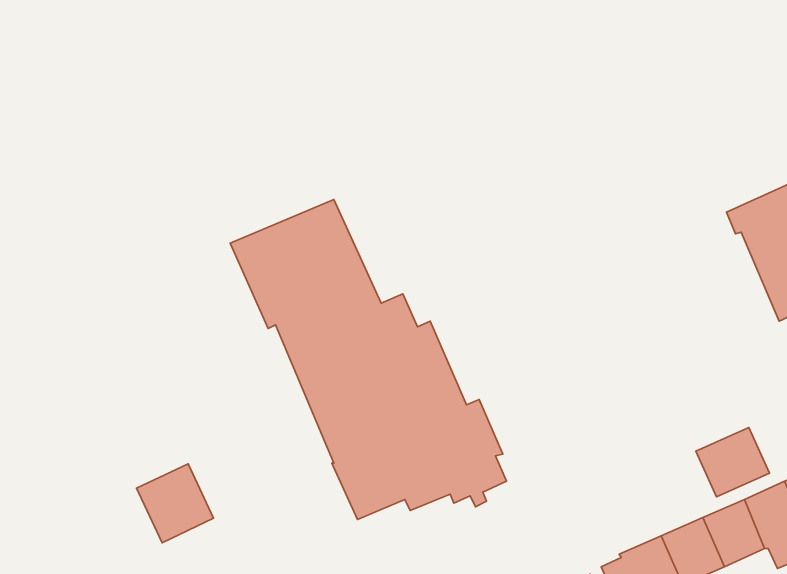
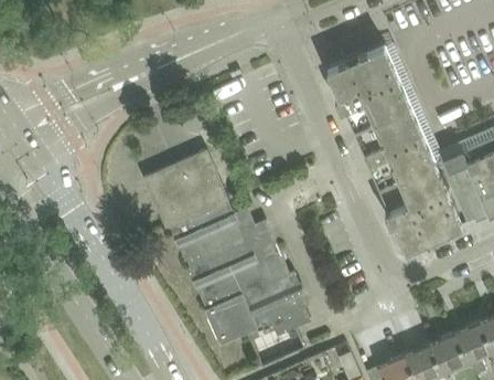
building: none -> [326,43,462,249]
building: [696,427,770,497] -> none
building: [137,464,214,543] -> none

